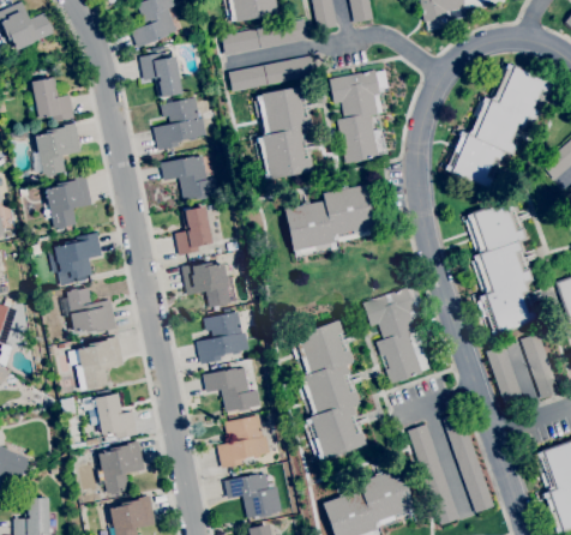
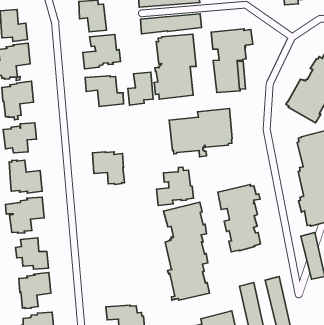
building: [175,206,212,256] -> [128,72,153,105]
building: [197,307,250,365] -> [157,167,193,206]
building: [203,367,262,411] -> none
building: [217,415,271,468] -> none

